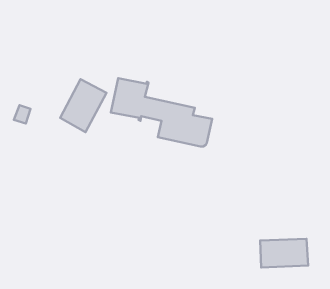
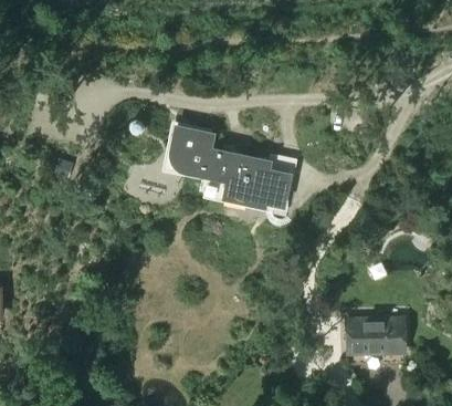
building: [60,79,107,132] -> none

